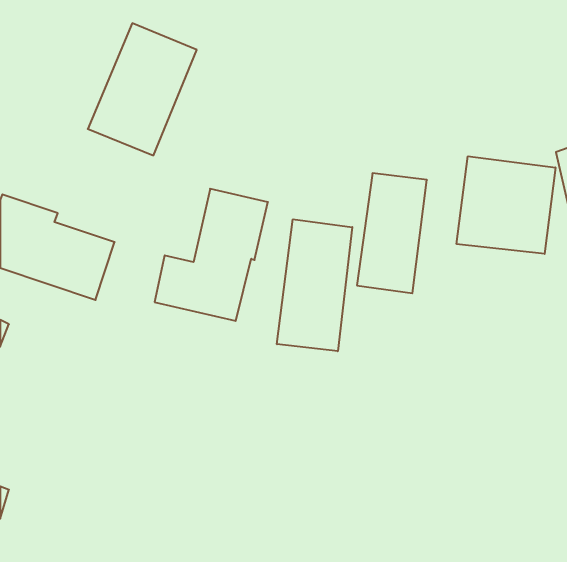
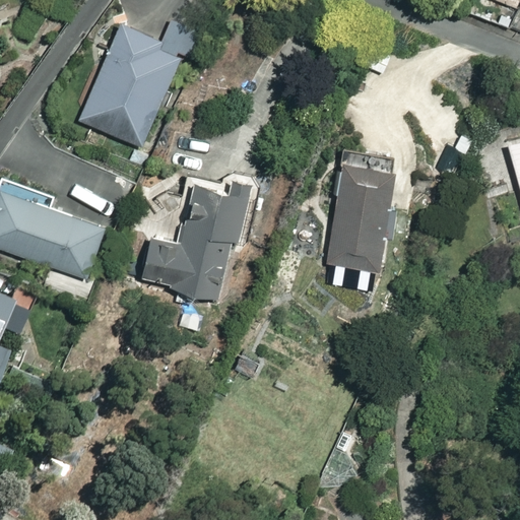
building: [457,156,555,254] -> none
building: [277,219,352,351] -> none

